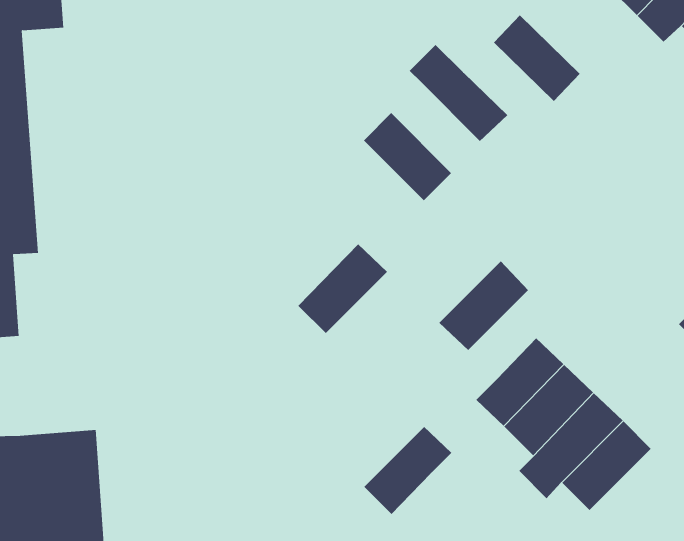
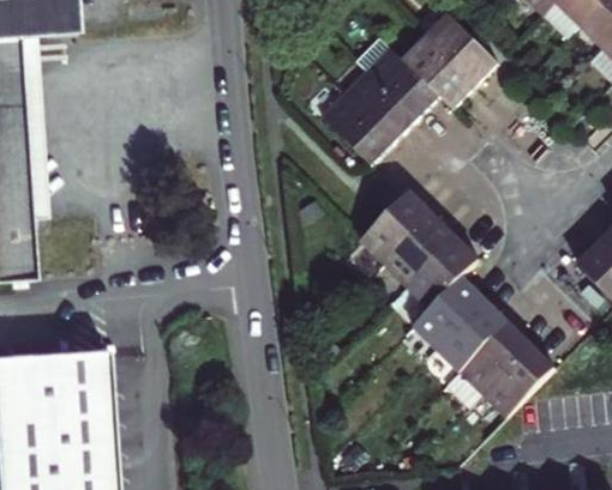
building: none -> [402,36,475,108]
building: none -> [343,68,415,141]
building: [298,244,388,334] -> [359,189,432,262]
building: [363,426,452,515] -> [406,236,478,308]

